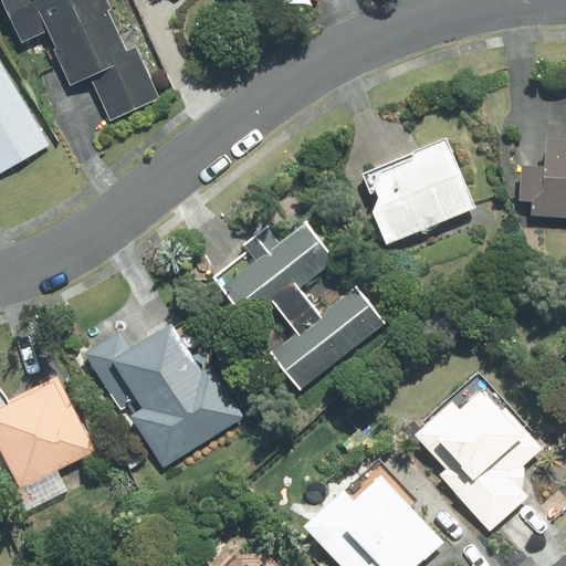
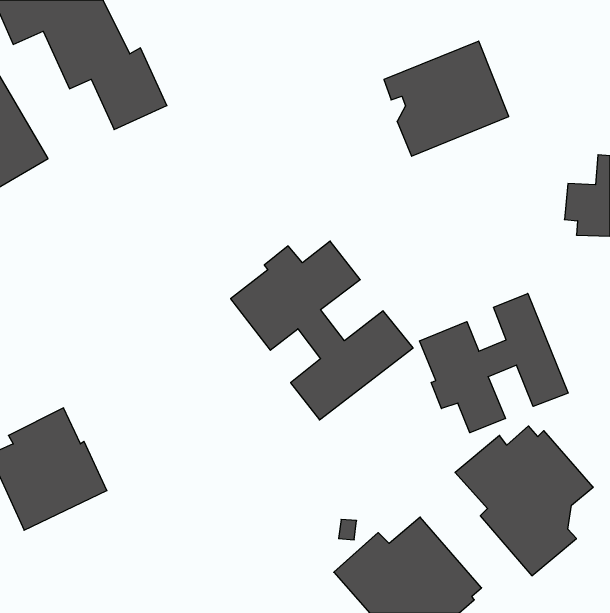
building: [361,139,476,245] -> [384,41,509,156]
building: none -> [420,293,568,433]
building: [84,325,244,467] -> none

